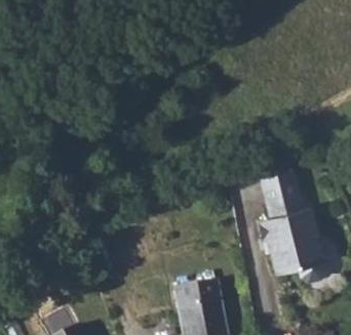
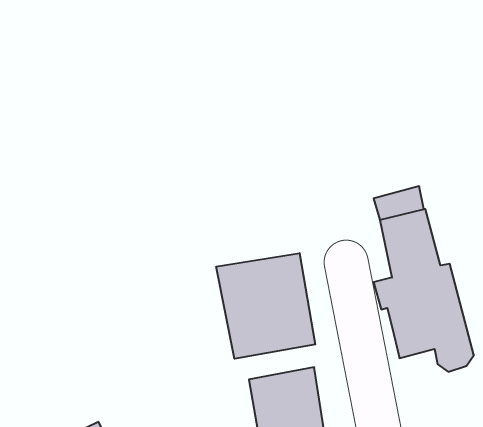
building: none -> [216,253,315,359]

